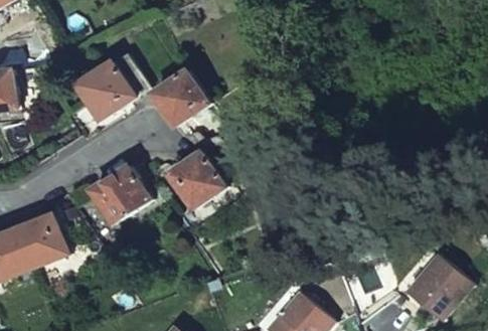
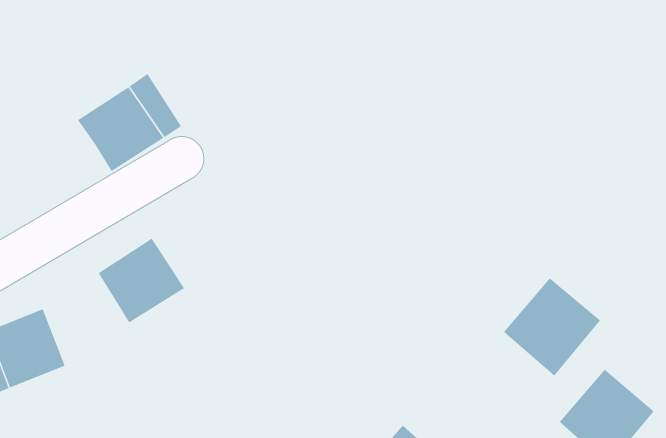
building: [152,71,209,126] -> none
building: [168,152,223,207] -> none
building: none -> [503,277,601,377]

